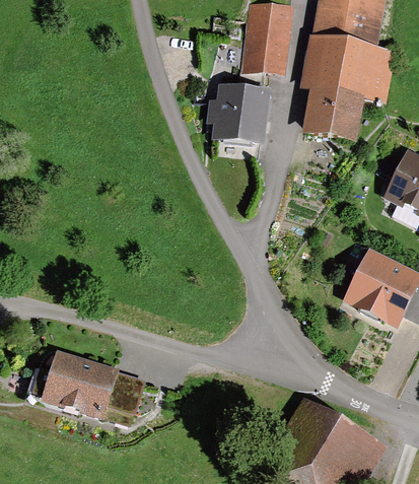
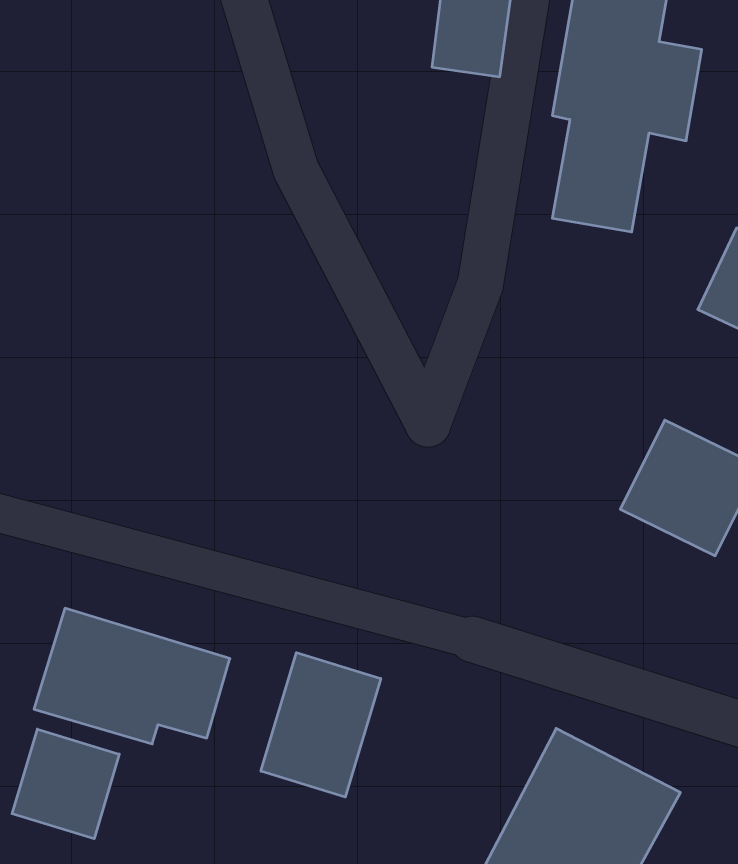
building: [210,87,263,153] -> none
building: none -> [261,653,381,797]
building: none -> [12,729,119,839]

